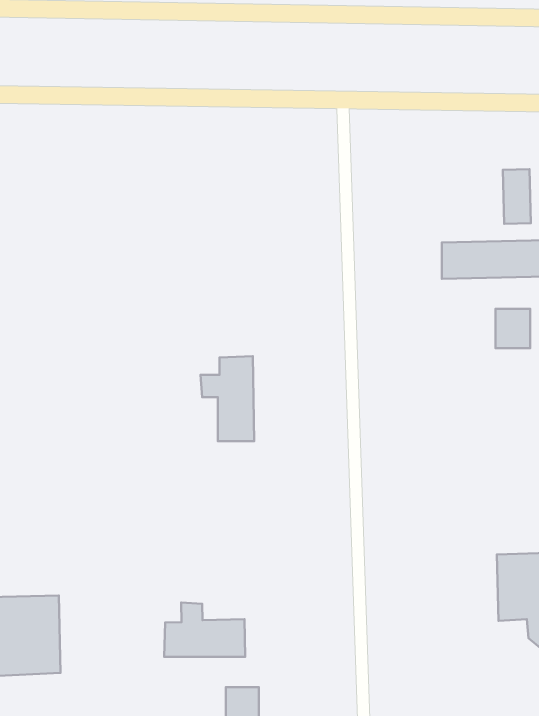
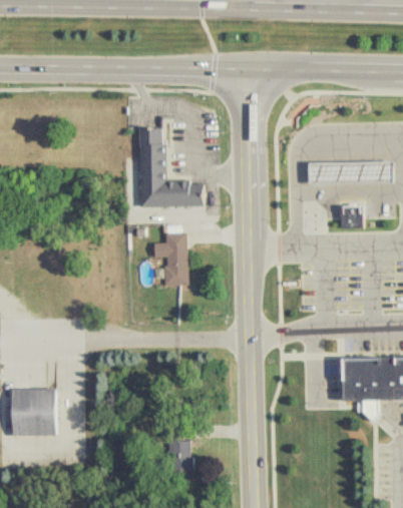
building: [503,169,531,224] -> none
building: none -> [145,126,207,206]
building: [164,603,245,657] -> none

